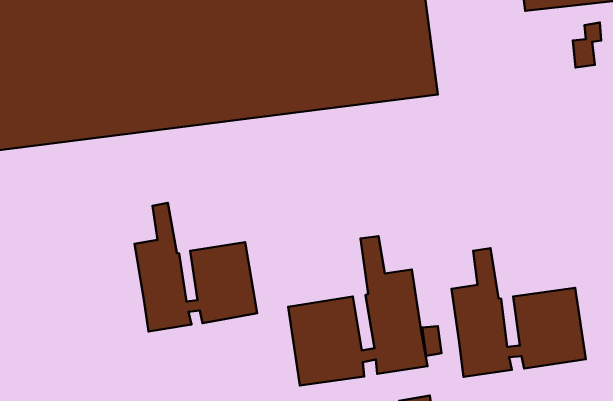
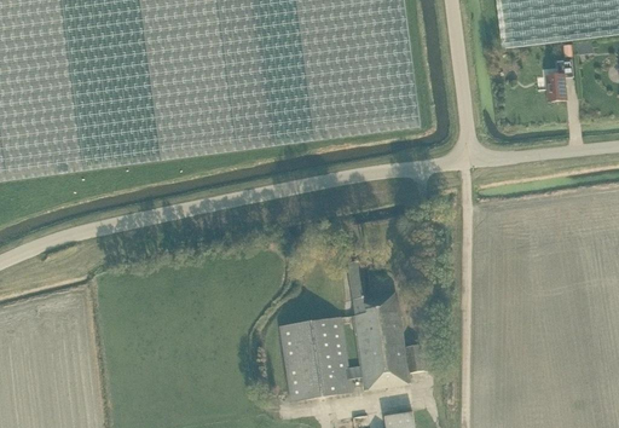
building: [135,203,257,332] -> none
building: [452,248,586,377] -> none

